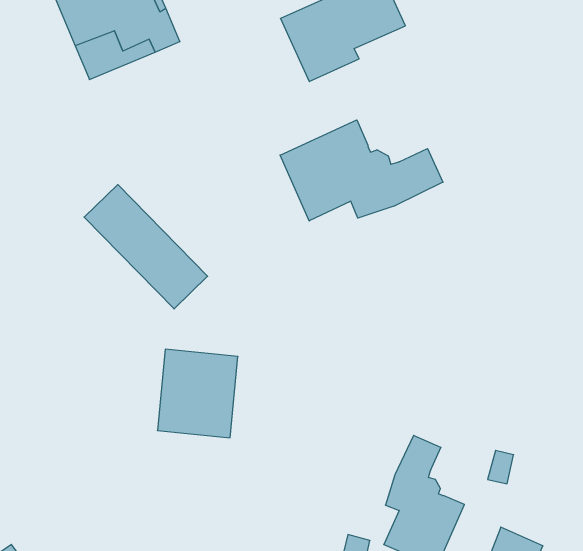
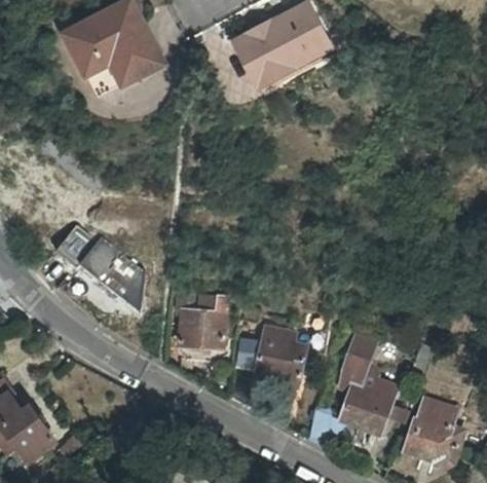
building: [280,120,443,221] -> none
building: [84,185,208,309] -> [58,218,151,305]
building: none -> [234,326,306,378]

